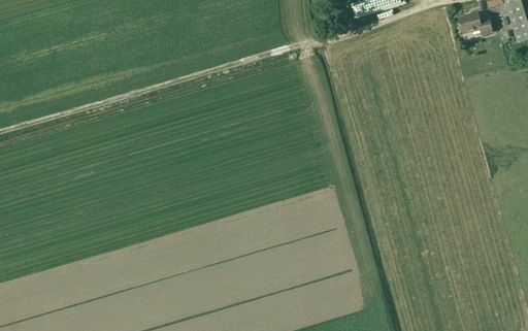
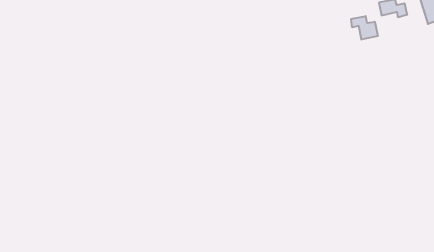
building: none -> [351,16,378,40]

